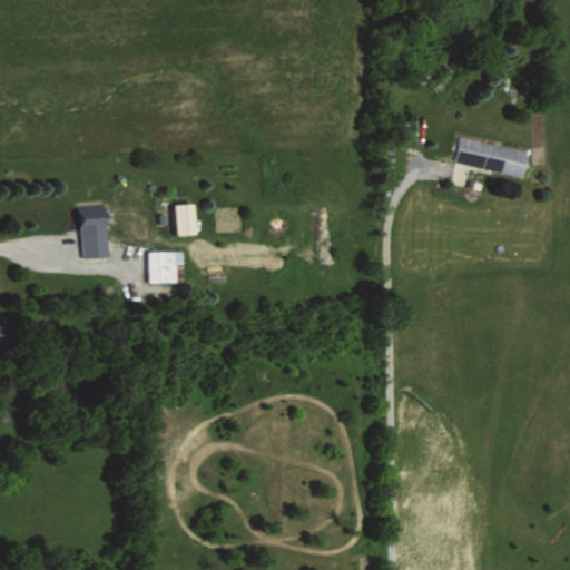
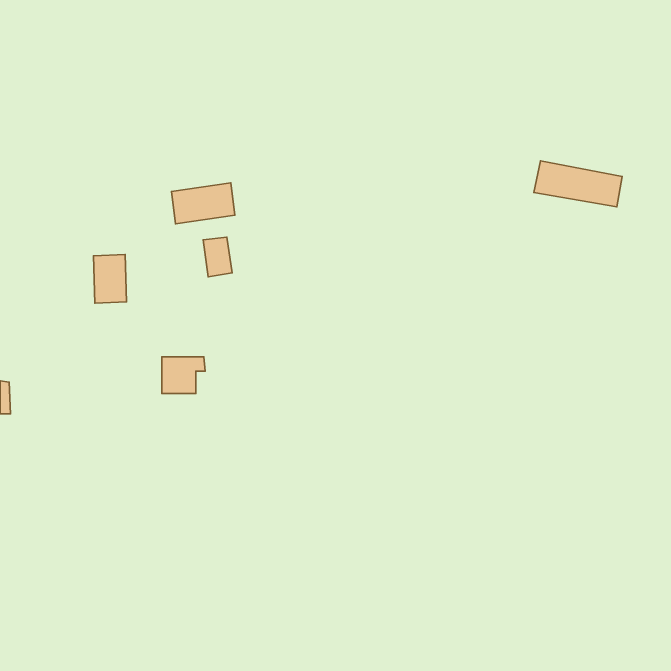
building: none -> [172,183,235,224]
building: [147,252,184,283] -> [162,357,205,394]

